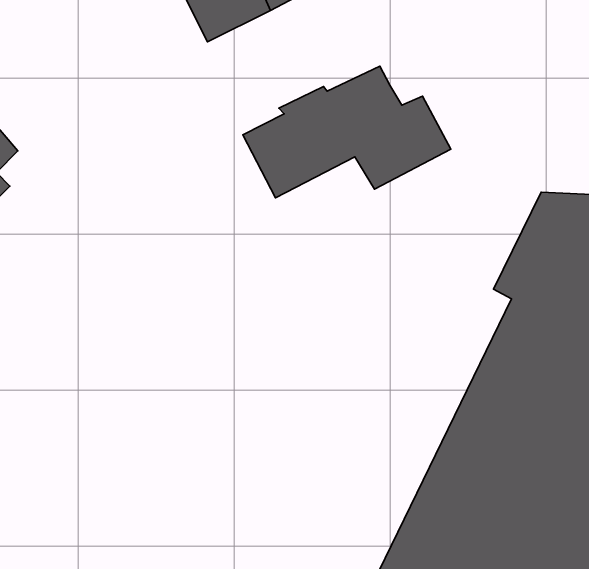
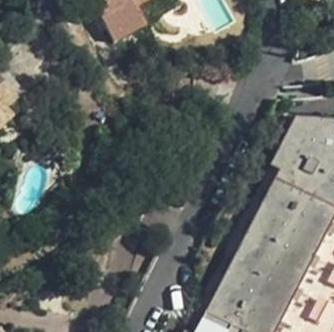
building: [243,66,451,198] -> none

